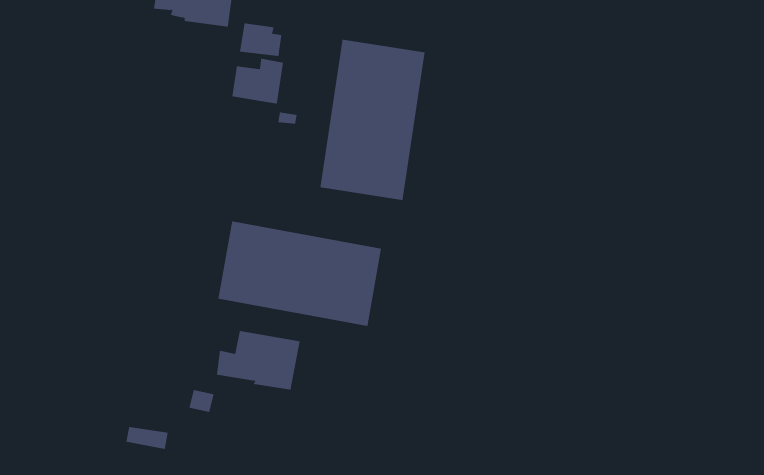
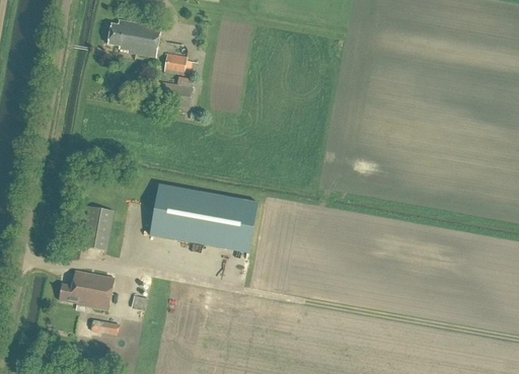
building: [320,39,425,201] -> none
building: none -> [80,205,114,249]
building: [216,330,301,390] -> [59,270,115,309]

